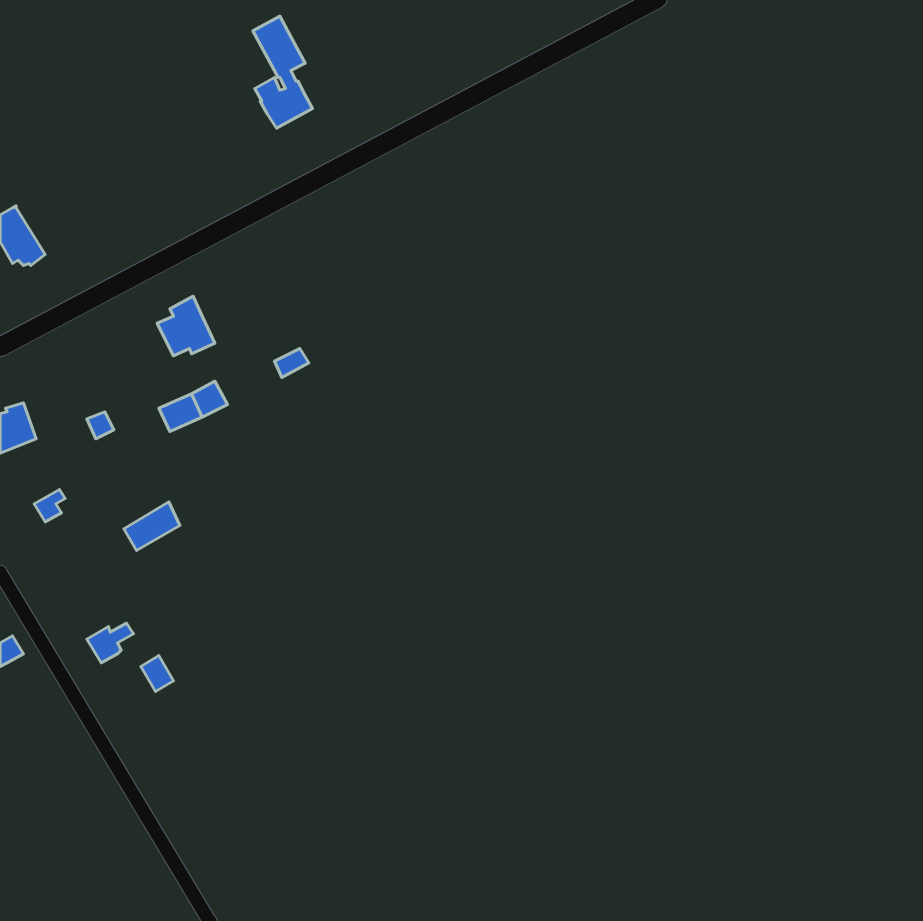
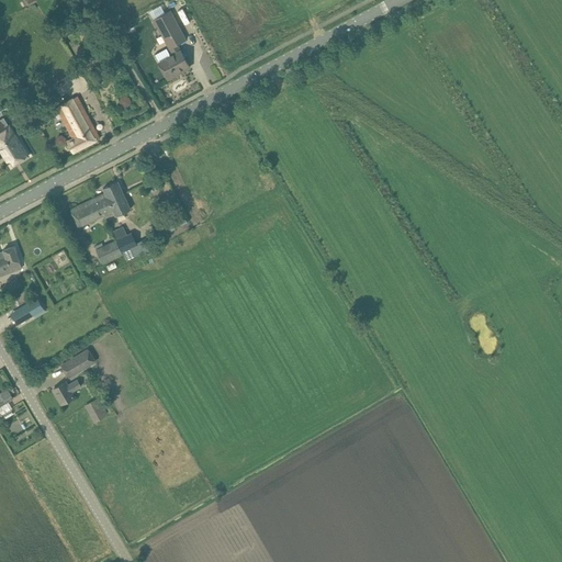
building: none -> [56,94,100,151]
building: none -> [70,196,104,226]
building: [124,502,180,551] -> [61,347,95,376]

